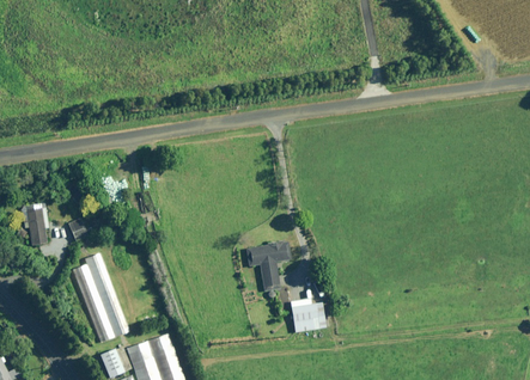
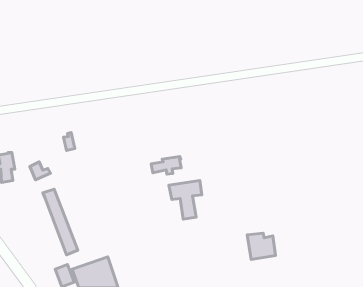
building: none -> [151,156,181,174]
building: [72,264,116,343] -> none
building: [291,299,327,332] -> [247,233,276,259]

